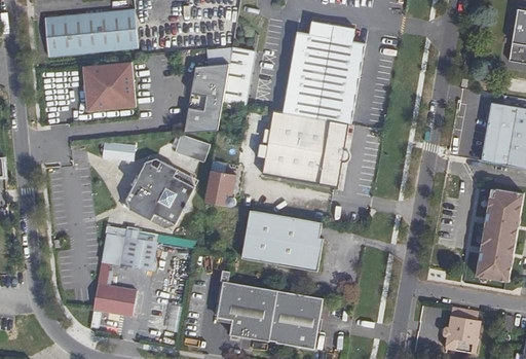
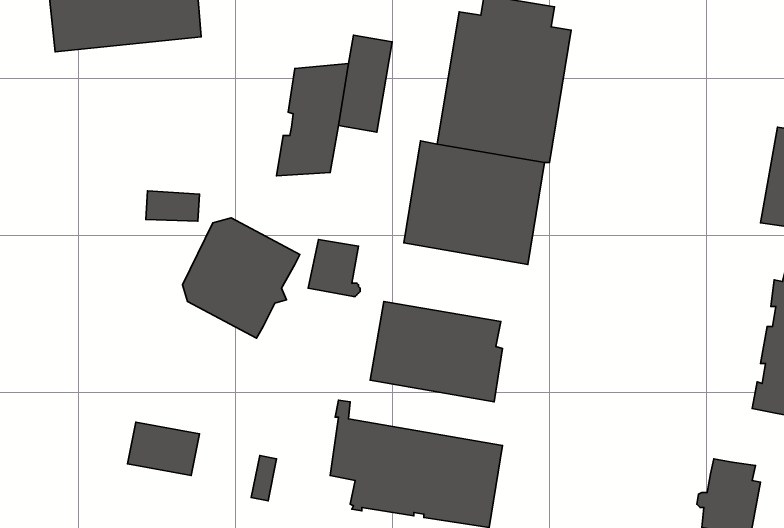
building: [82,61,136,110] -> none
building: [177,134,213,161] -> none
building: [102,232,156,266] -> none

